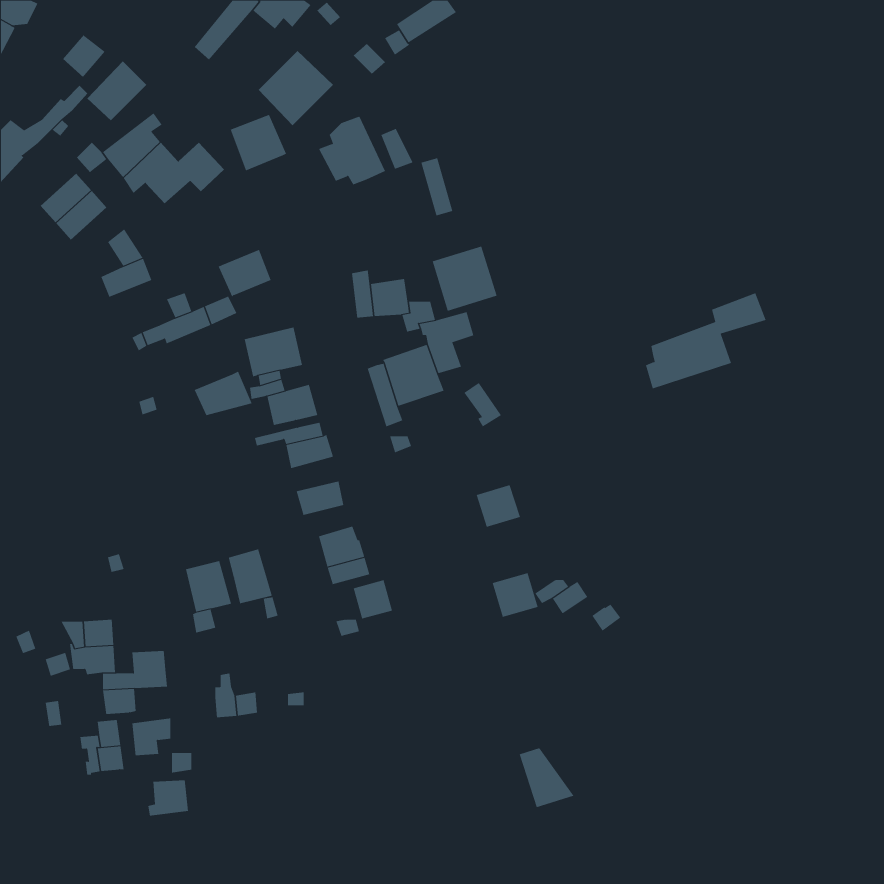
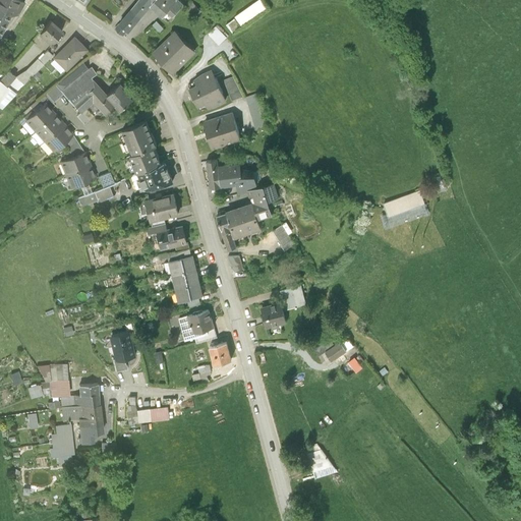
building: [230,114,287,171] -> [121,122,155,156]
building: none -> [42,122,73,154]
building: [432,246,497,311] -> [202,112,241,151]
building: none -> [64,165,96,188]
building: [194,371,253,416] -> [137,163,172,189]
building: none -> [171,269,199,289]
building: [228,548,273,604] -> none
building: [492,572,539,617] -> [259,303,287,330]
building: [147,780,189,816] -> [76,404,101,425]

